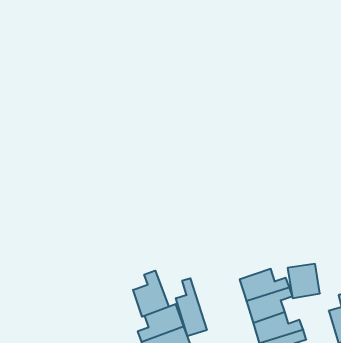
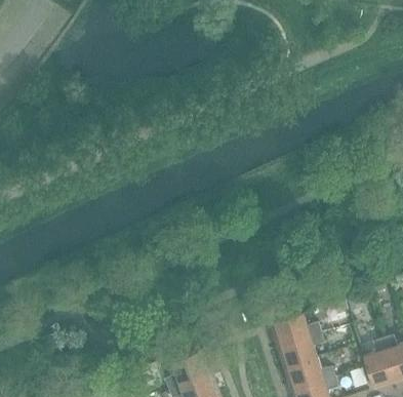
building: [133,271,169,317] -> none
building: [176,278,207,336] -> none

